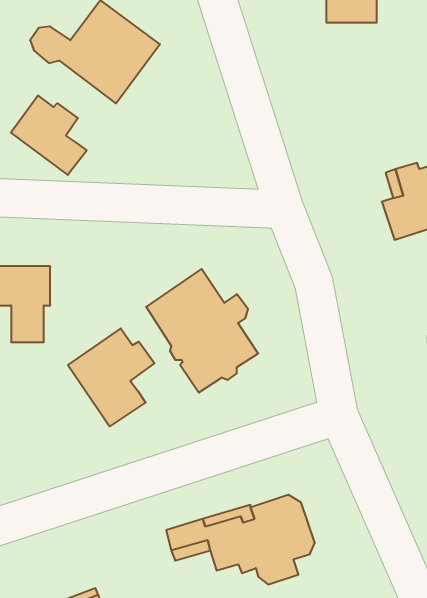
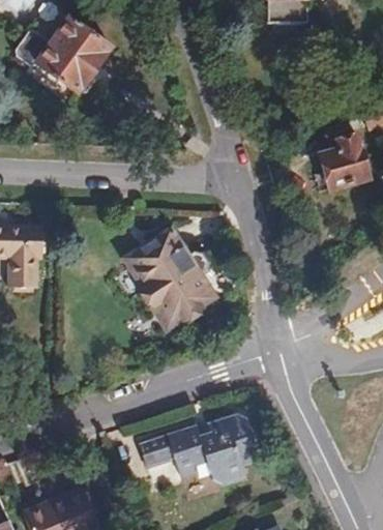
building: [11,95,87,175] -> none
building: [68,328,154,426] -> none

